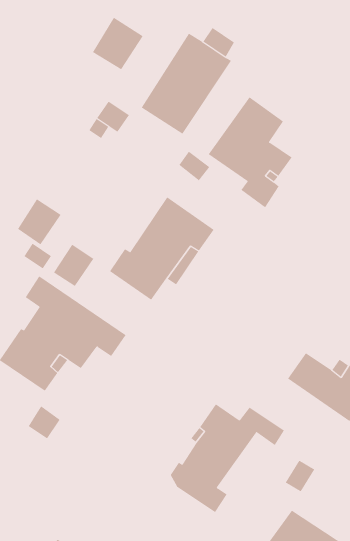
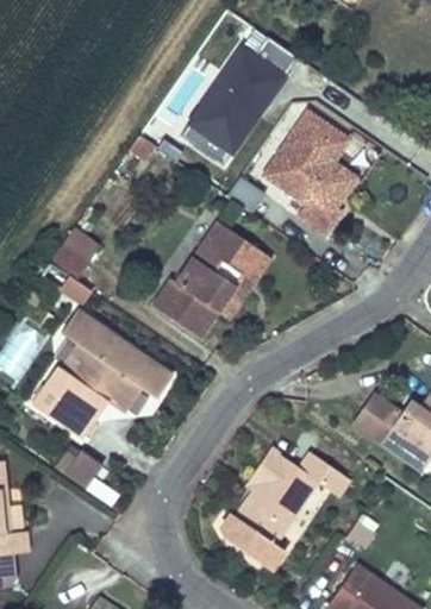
building: [92,17,143,70] -> none
building: [53,244,94,287] -> none

